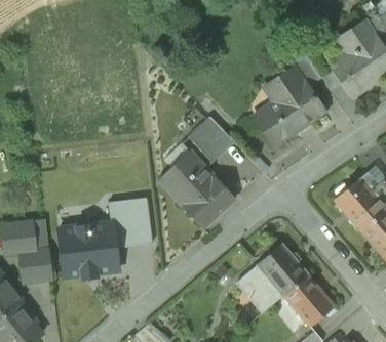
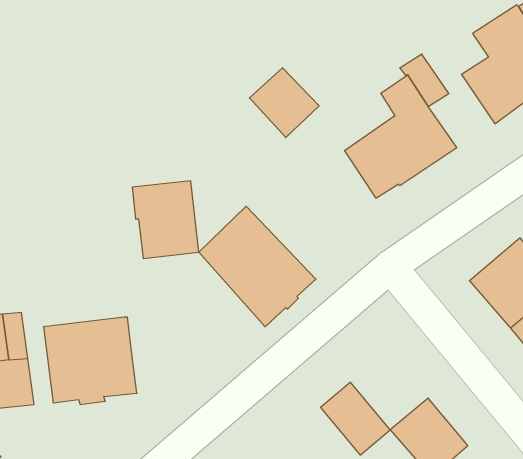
building: [188,118,233,163] -> [249,68,319,138]
building: [108,199,151,249] -> [132,181,199,259]
building: [257,245,307,296] -> none

